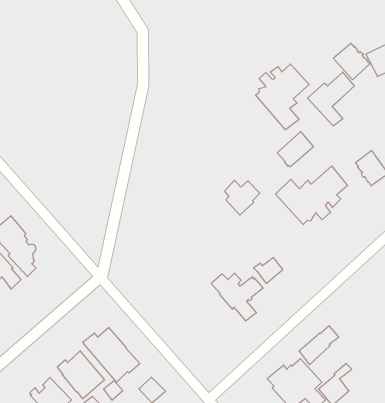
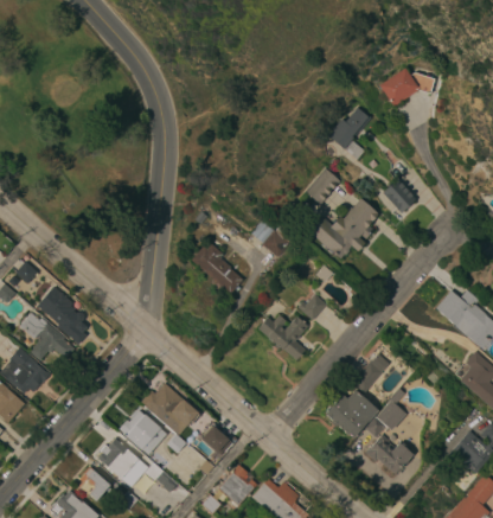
building: [333,43,370,80] -> none
building: [256,64,309,130] -> none
building: none -> [191,242,242,295]

